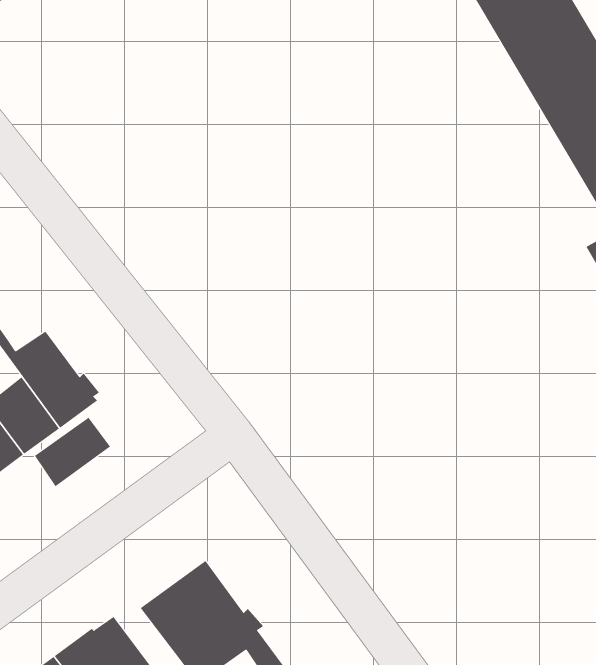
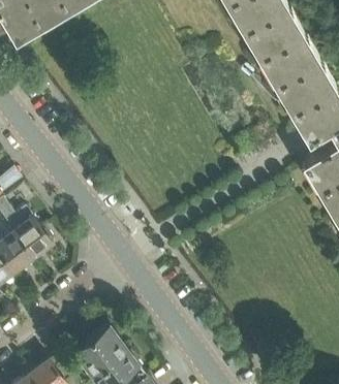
building: [34,417,111,487] -> none

